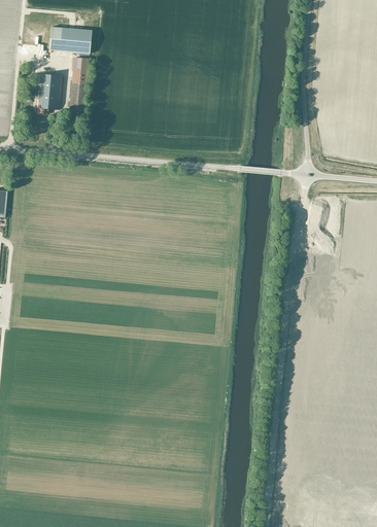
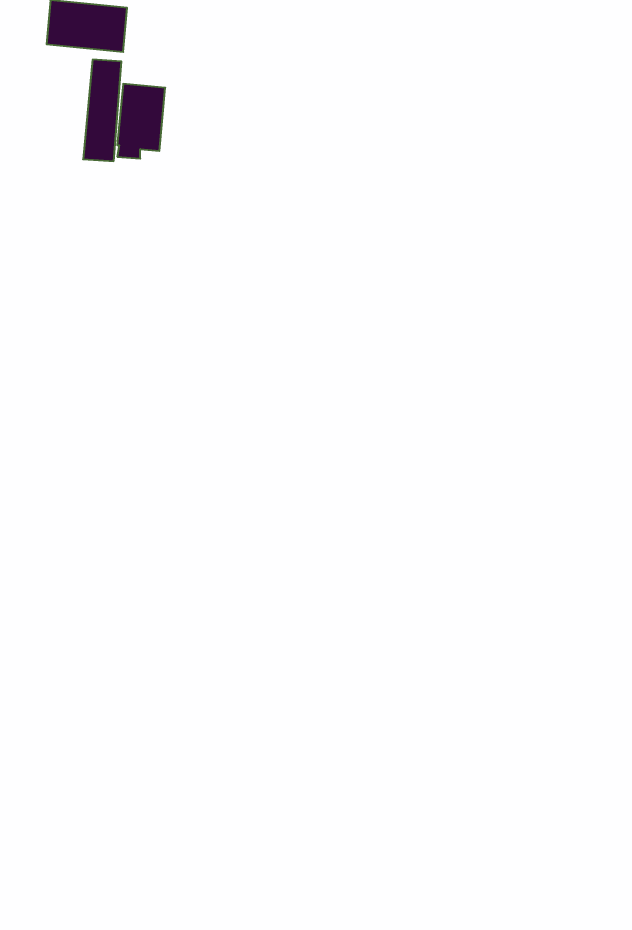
building: [37,73,63,113] -> [117,84,165,159]

